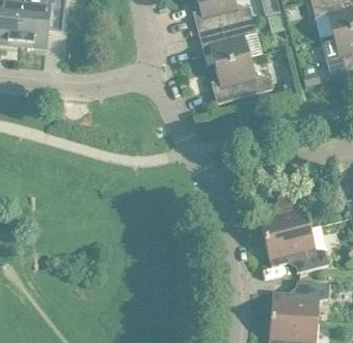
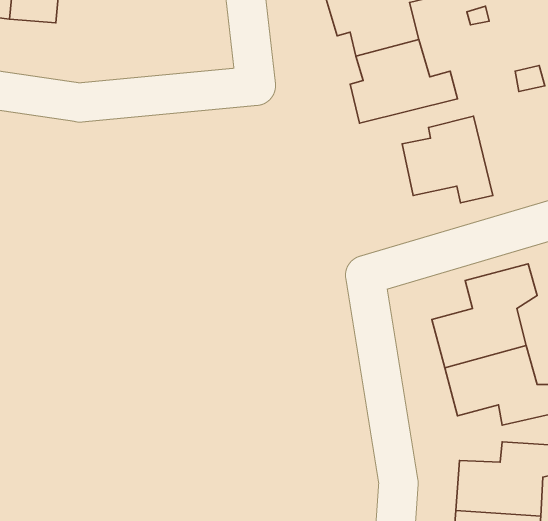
building: none -> [402,116,493,203]

